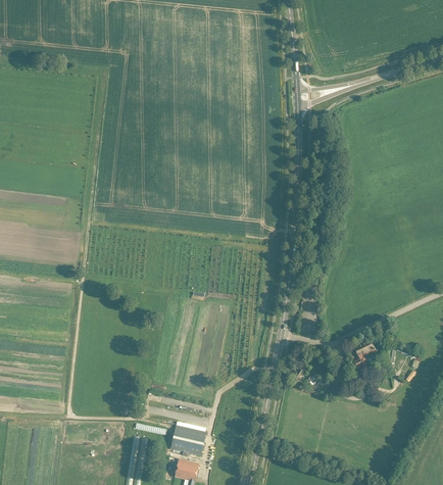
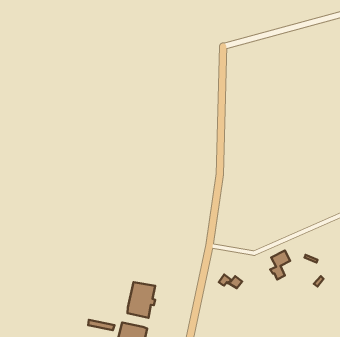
building: none -> [128,282,155,318]

